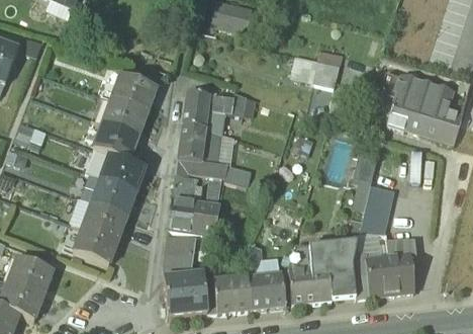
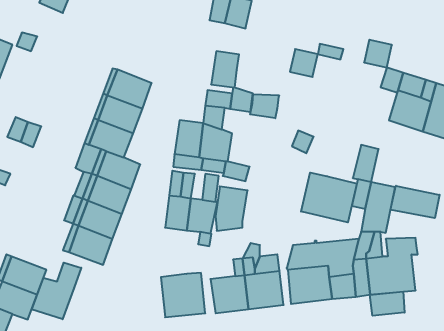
building: [313,59,341,86] -> [364,40,392,68]
building: [183,91,210,127] -> [211,51,239,87]
building: none -> [250,94,279,118]
building: none -> [301,173,357,222]
building: none -> [390,186,440,218]
building: [164,234,195,277] -> [216,186,248,231]
building: none -> [32,263,81,319]
building: none -> [370,292,405,316]

